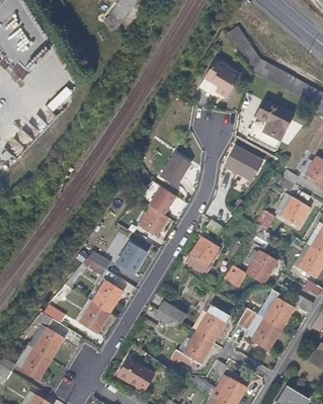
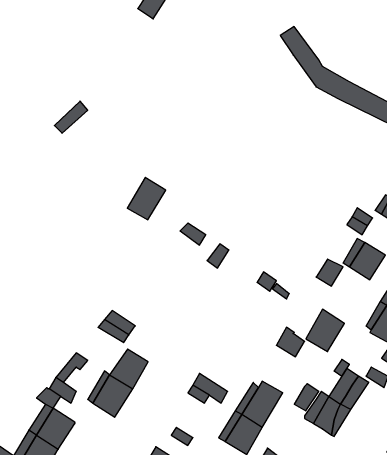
building: [203,60,239,97] -> none
building: [257,103,292,141] -> none
building: [224,148,261,181] -> none
building: [160,153,190,186] -> [127,177,166,220]
building: [138,207,168,237] -> none
building: [185,236,219,273] -> none
building: [116,243,146,274] -> none

